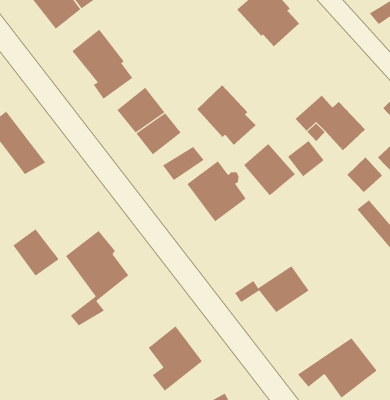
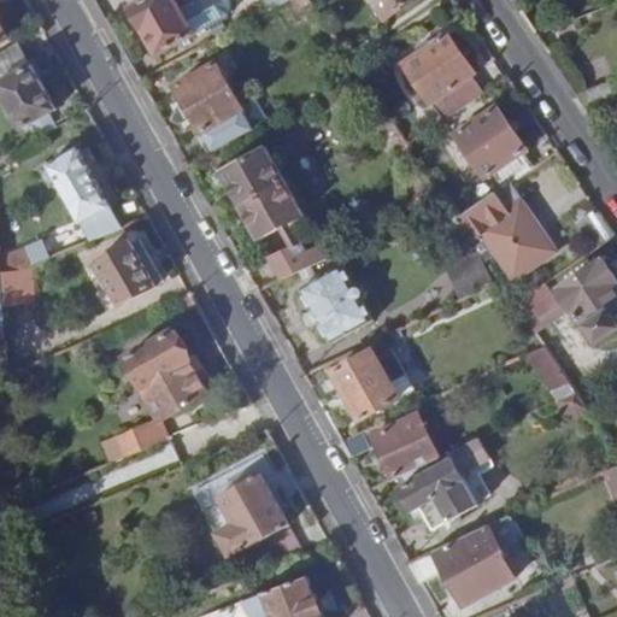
building: [196,85,257,146] -> [457,106,534,190]
building: [243,143,296,196] -> [333,343,401,415]
building: [12,228,60,276] -> [90,242,151,306]
building: none -> [398,434,489,527]

